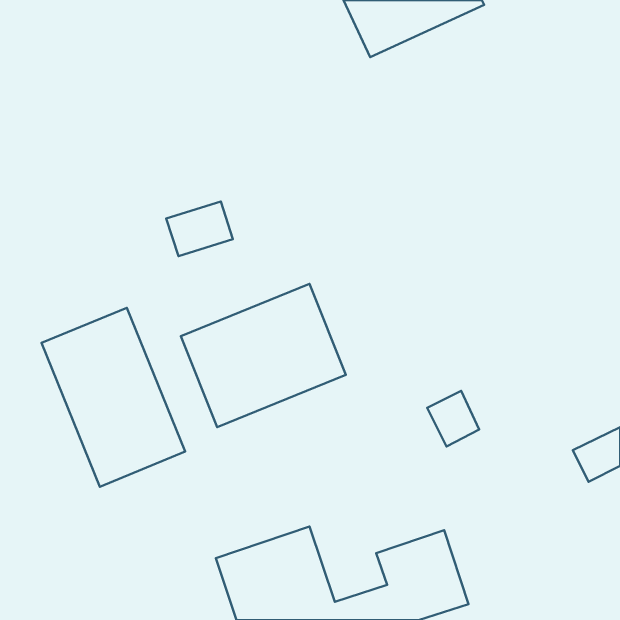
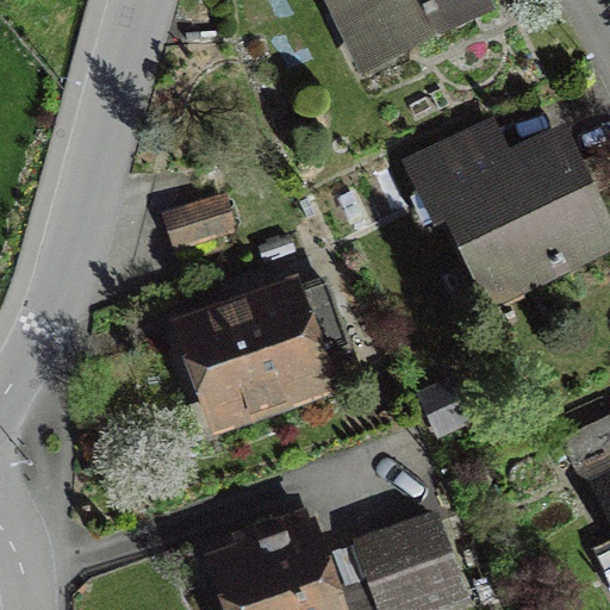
building: none -> [411,132,602,293]
building: [41,308,185,487] -> none

